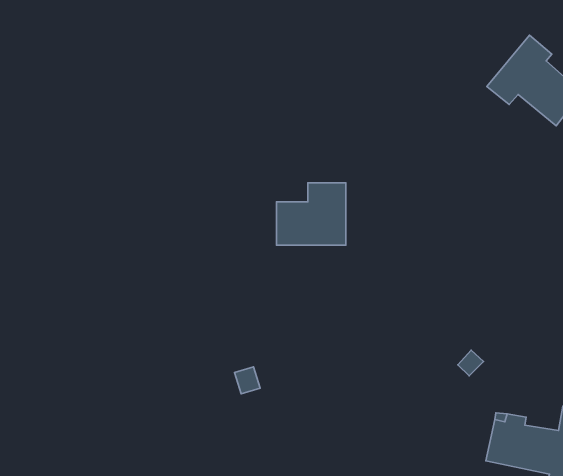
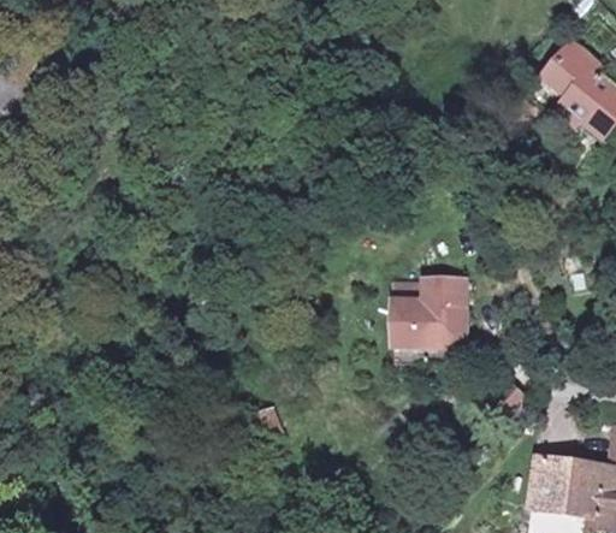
building: [277,183,346,245] -> [391,273,466,340]

